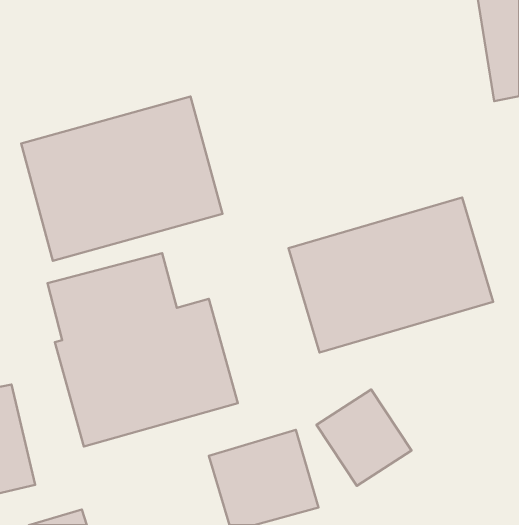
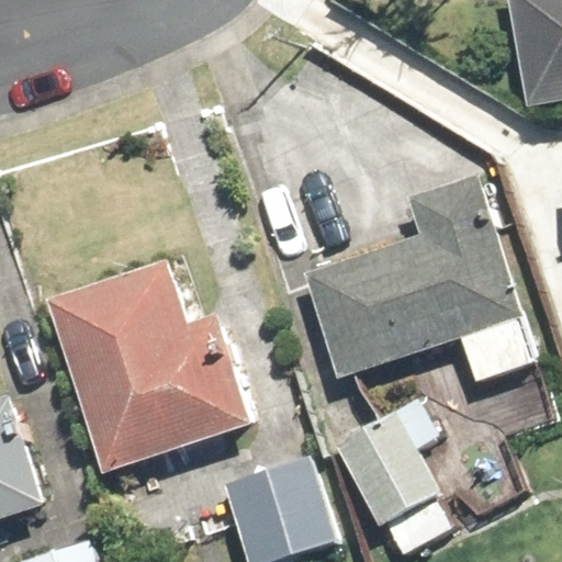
building: [21,97,222,261] -> none

